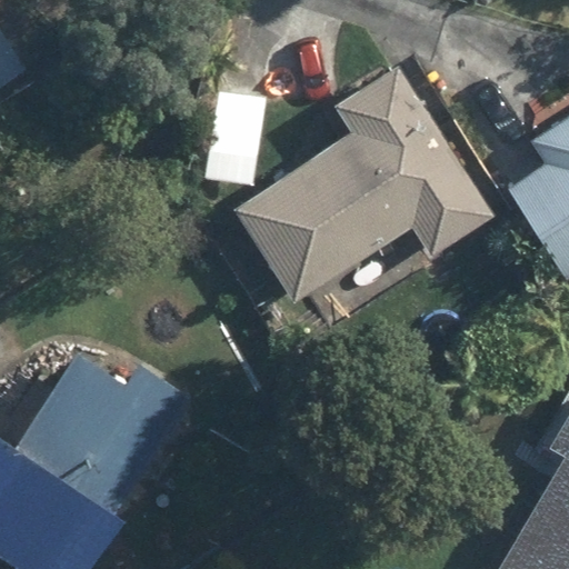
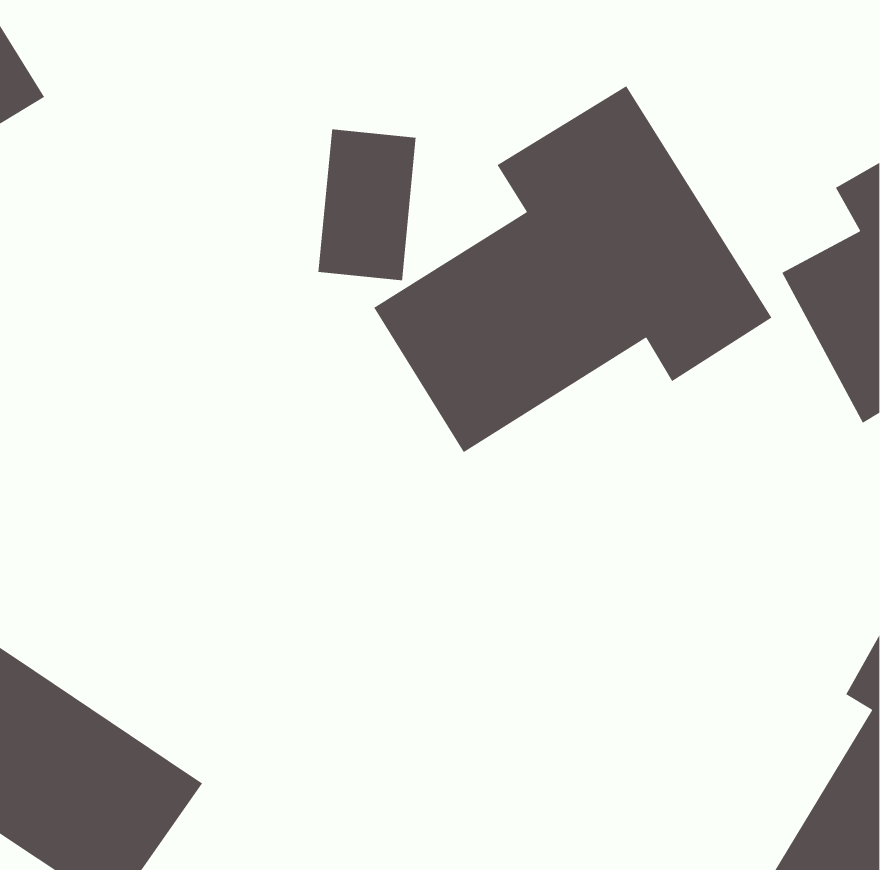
building: [22,349,190,506] -> none

